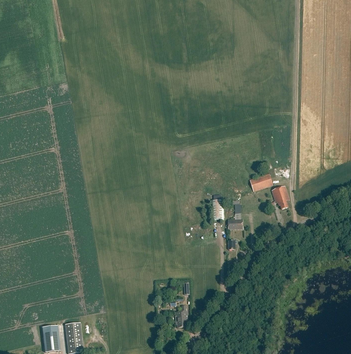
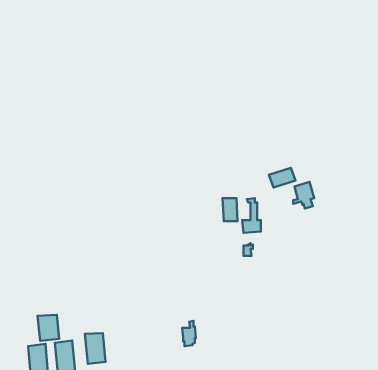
building: none -> [38,315,59,341]
building: none -> [85,333,106,364]

